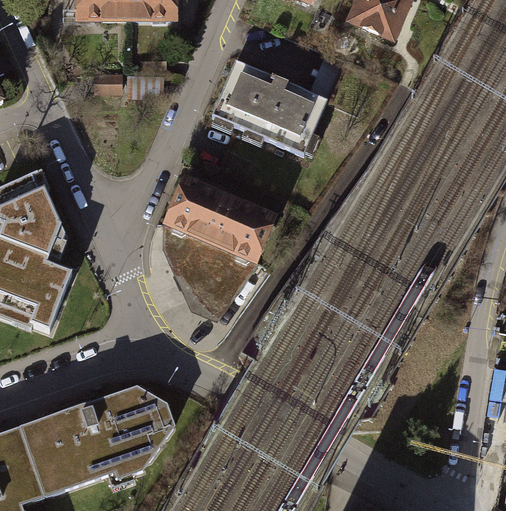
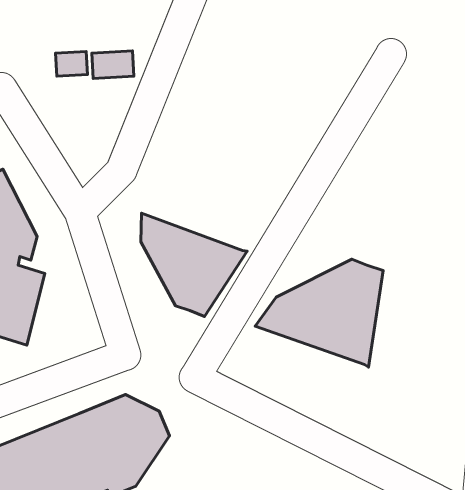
building: [208,60,323,153] -> none
building: [161,171,275,260] -> none
building: none -> [255,259,383,367]

